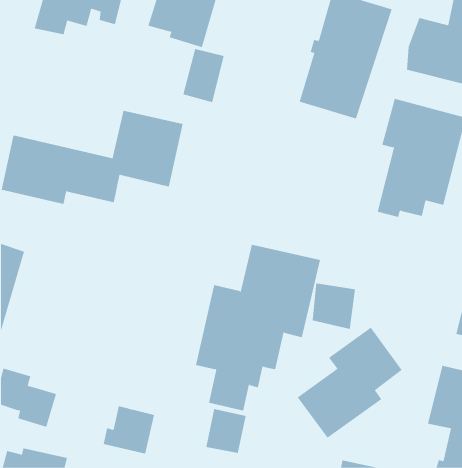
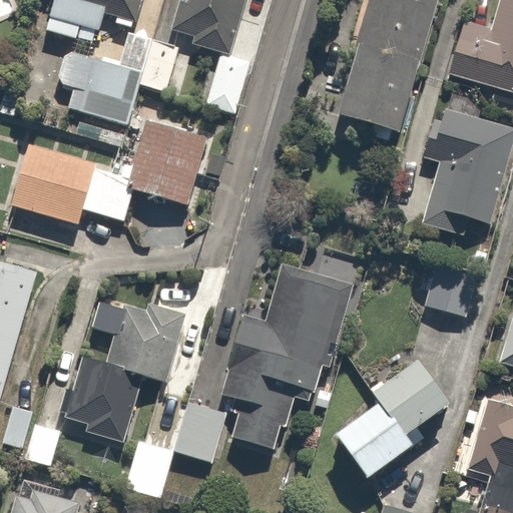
building: none -> [142,36,184,92]
building: none -> [54,49,139,123]
building: none -> [57,298,182,441]
building: [312,283,356,330] -> [428,266,476,317]
building: [205,408,247,453] -> [176,407,221,456]

